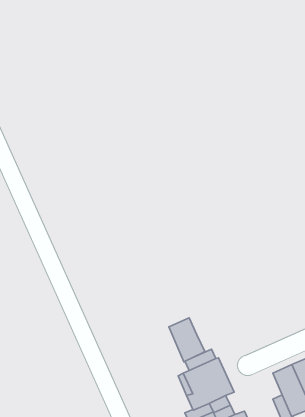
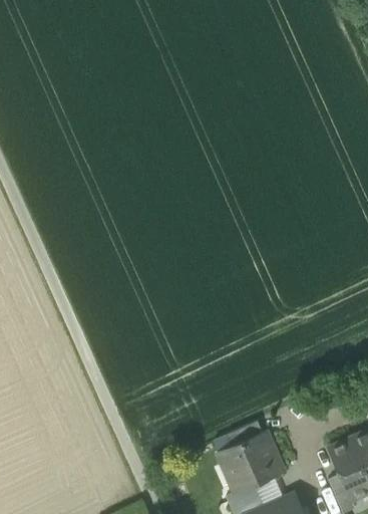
building: [169,318,205,362] -> none

